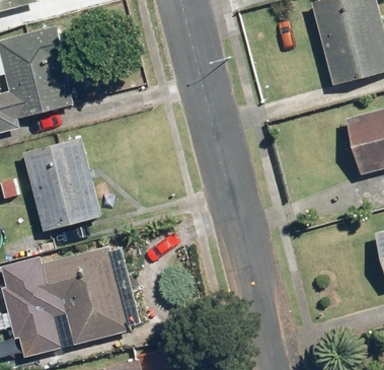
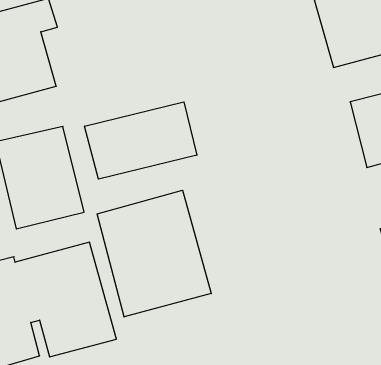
building: none -> [85,102,197,179]
building: none -> [97,190,211,317]

